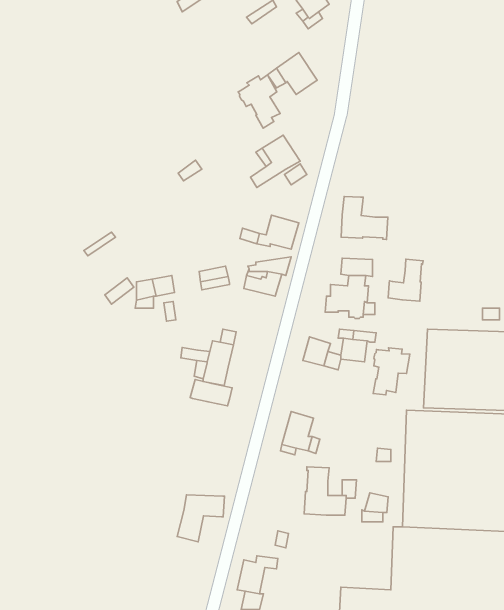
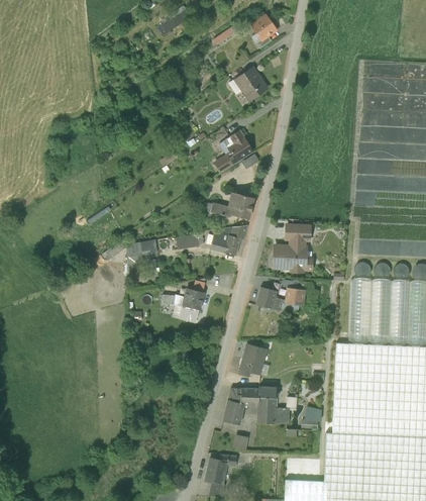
building: [238,75,280,128] -> none
building: [341,196,388,240] -> none
building: [388,259,423,301] -> none
building: [373,348,410,395] -> none
building: [190,380,232,406] -> none
building: [177,495,224,542] -> [224,388,260,424]

